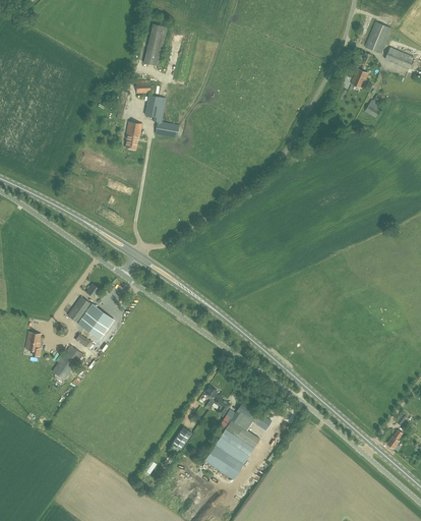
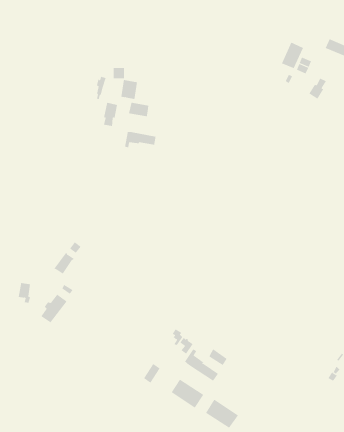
building: [365,21,392,53] -> [281,42,304,69]
building: [144,23,168,66] -> none
building: none -> [124,131,156,148]
building: [80,308,109,337] -> none
building: [215,428,254,463] -> [205,399,239,428]

